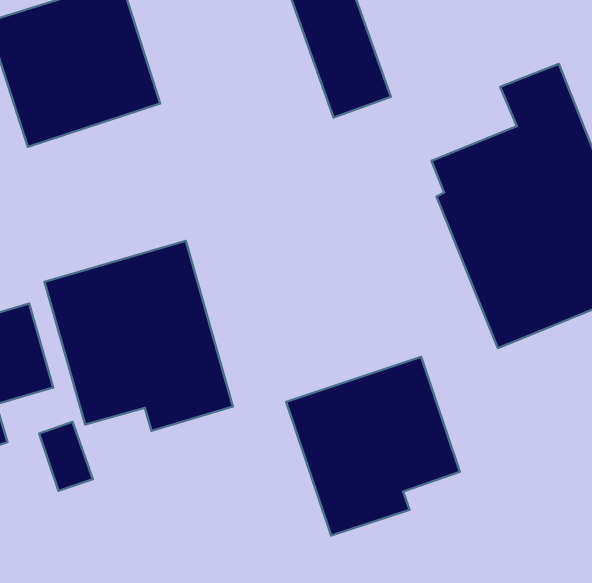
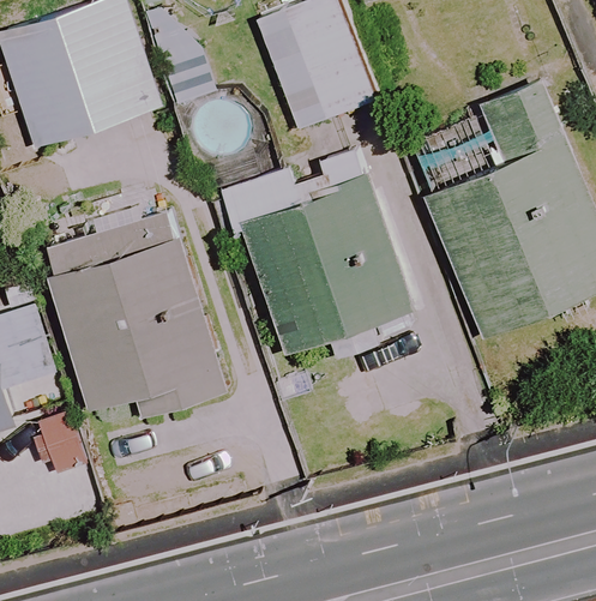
building: none -> [221,145,414,354]
building: [286,357,460,535] -> none

